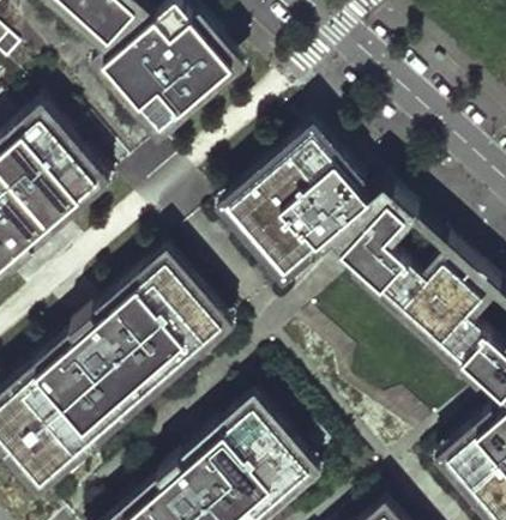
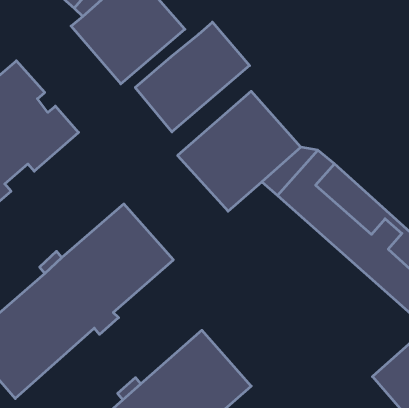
building: none -> [135,22,250,132]

